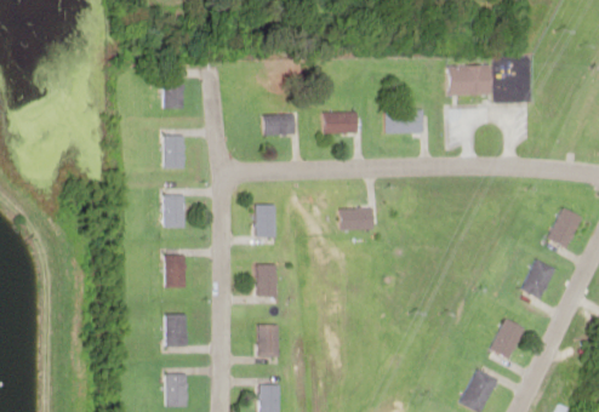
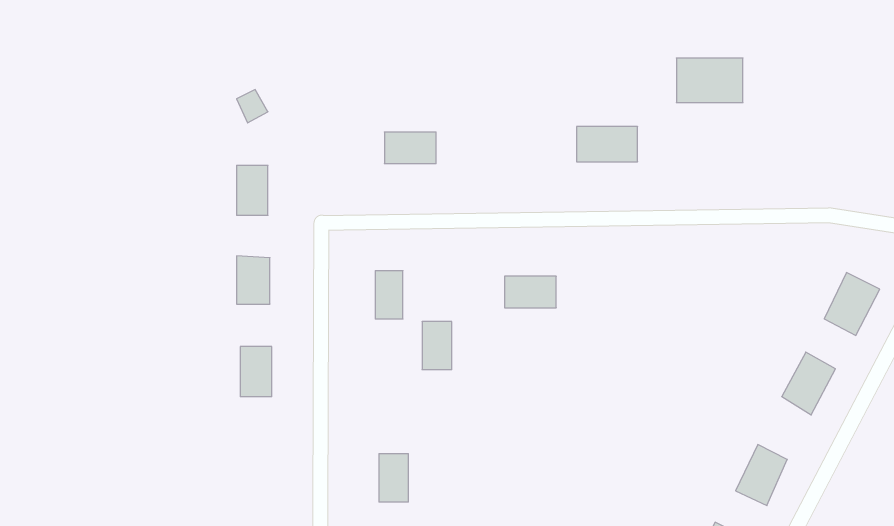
building: [321,111,358,135] -> none
building: [256,264,275,296] -> [422,322,452,370]
building: [165,314,187,347] -> none

